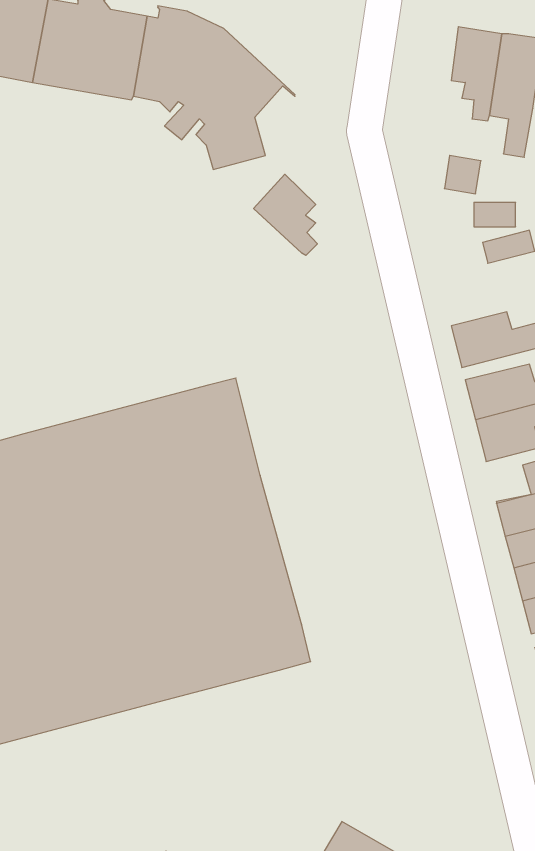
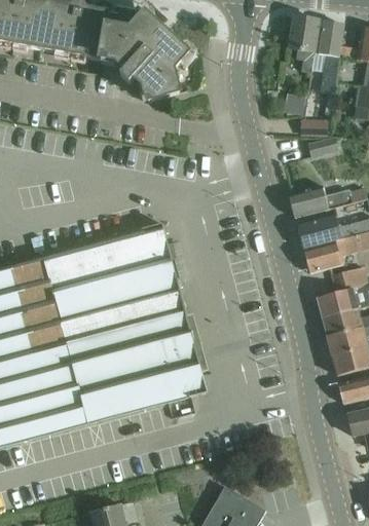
building: [254,174,317,255] -> none

